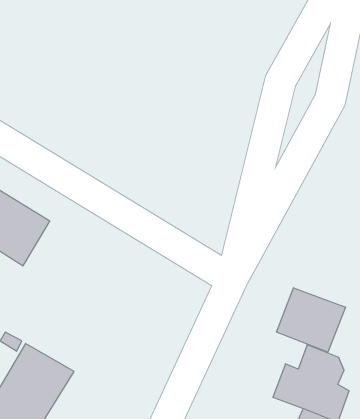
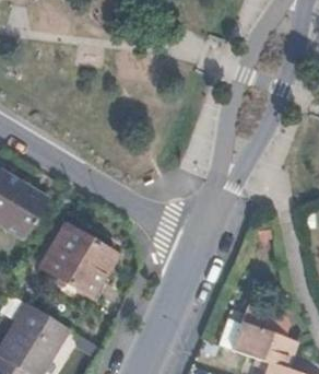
building: none -> [42,225,117,297]
building: [277,288,346,352] -> none

